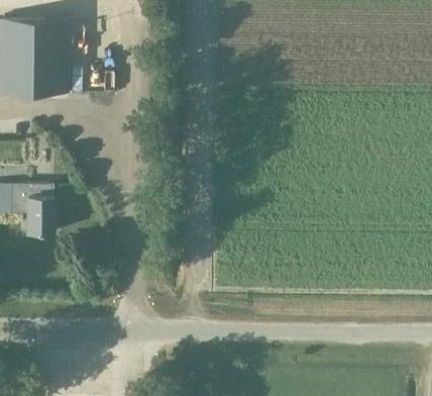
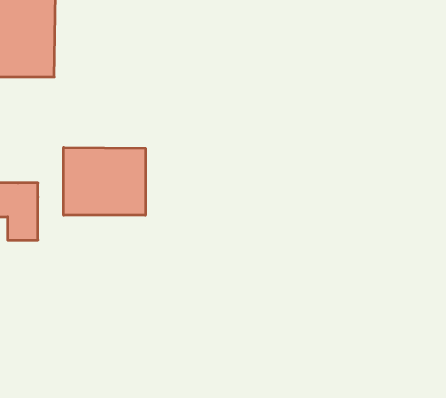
building: none -> [64,147,145,215]

